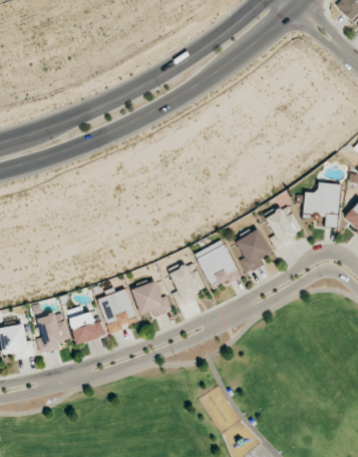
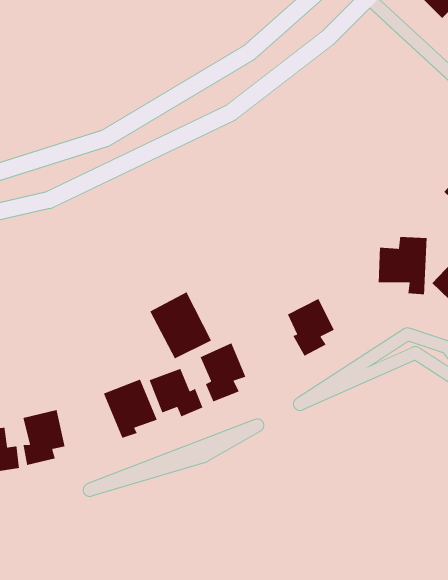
building: [266,205,303,246] -> none
building: [195,240,242,291] -> [149,291,212,360]
building: [67,306,105,344] -> none

